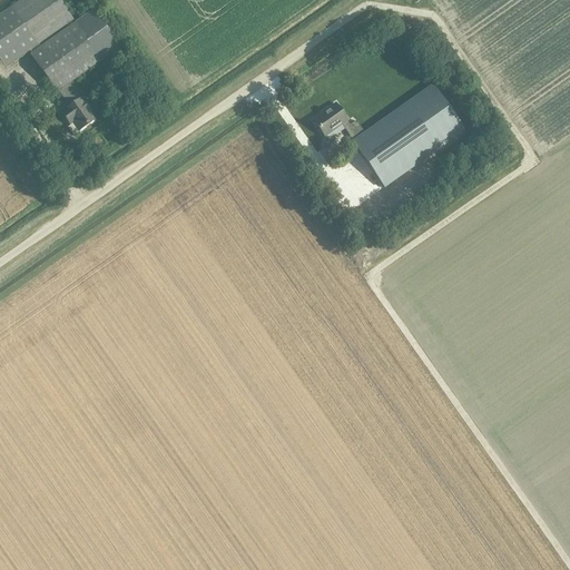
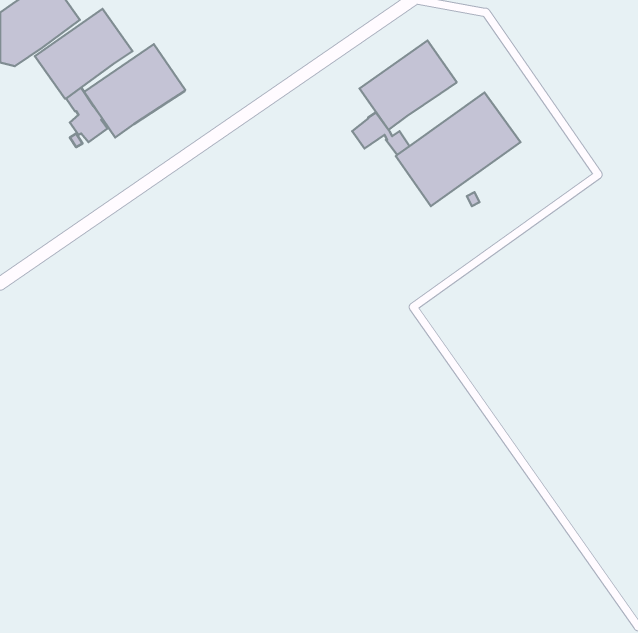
building: none -> [359,40,457,130]
building: none -> [84,44,185,138]

